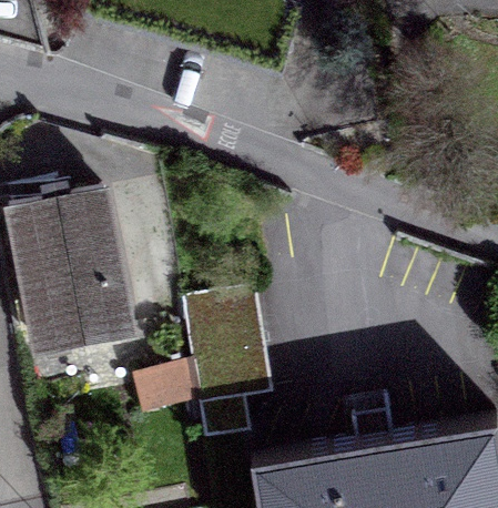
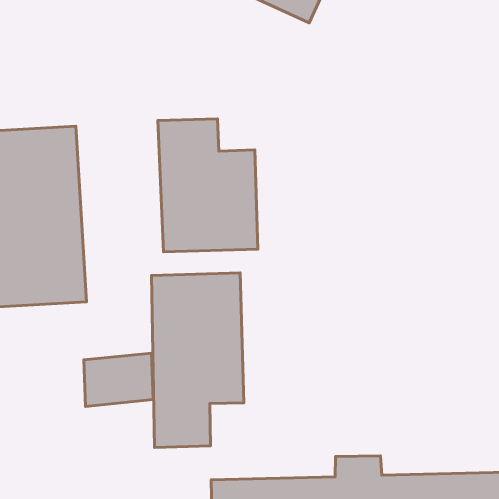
building: none -> [158,119,258,252]

